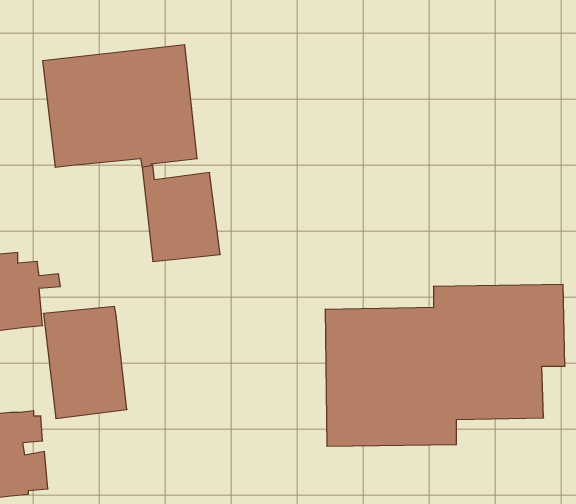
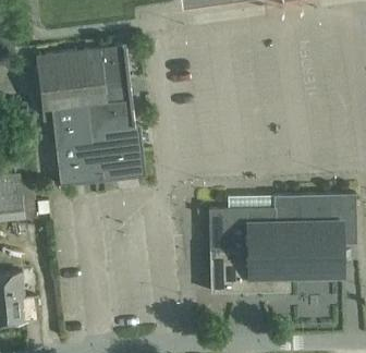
building: [43,306,127,418] -> [52,115,103,184]

